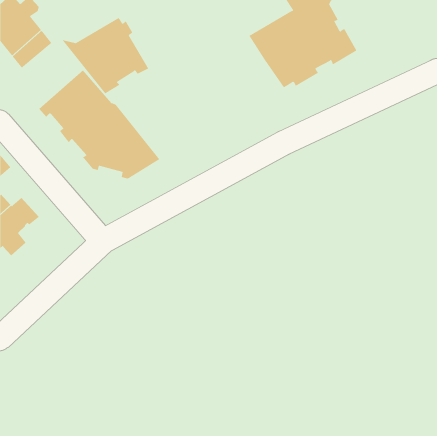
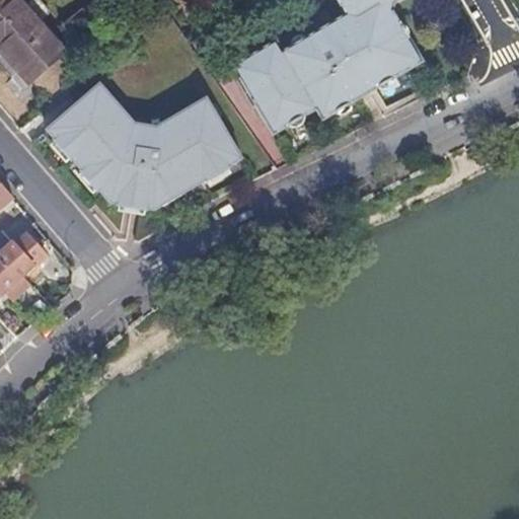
building: [61,17,149,94] -> [138,97,242,189]
building: none -> [233,40,336,133]

